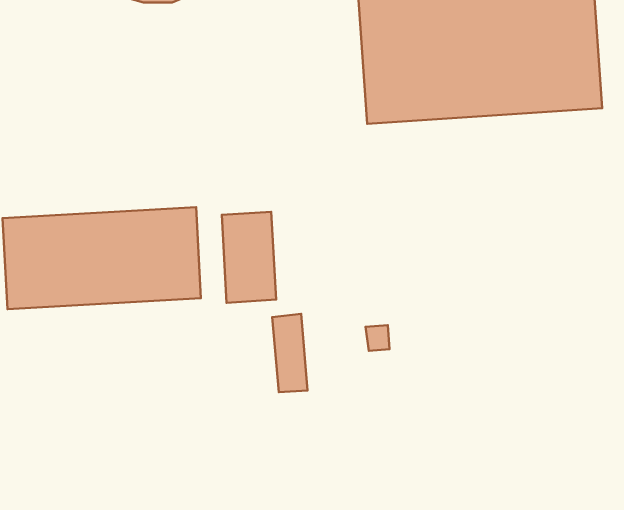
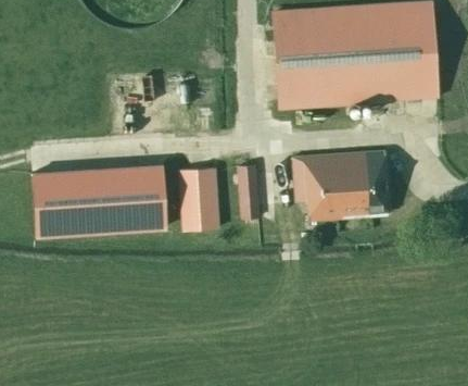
building: none -> [292,150,390,221]
building: [272,314,307,392] -> [237,165,261,219]

